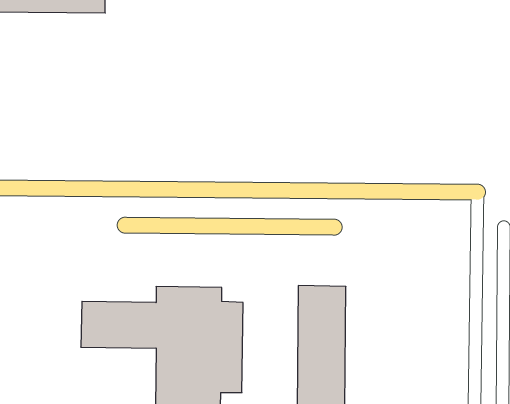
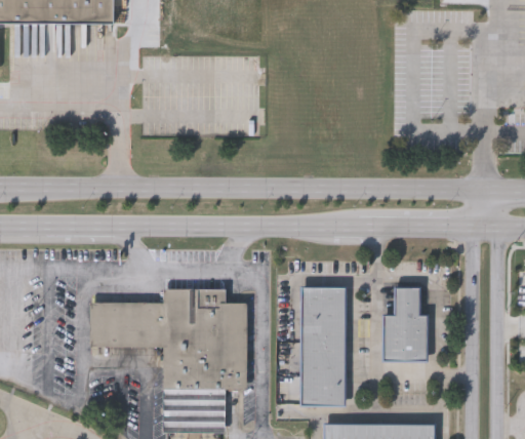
building: none -> [382,287,428,361]

